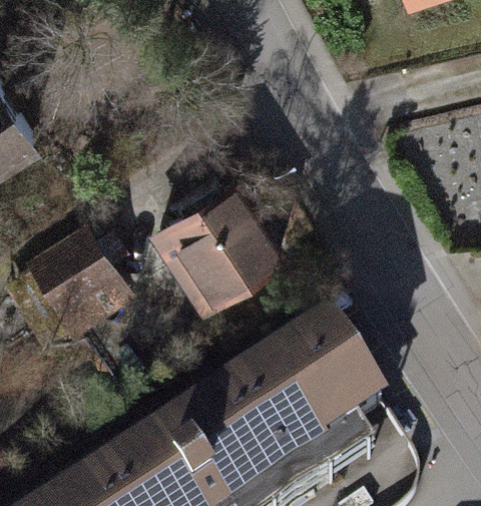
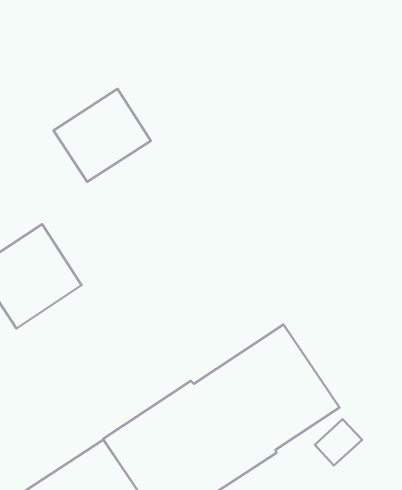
building: none -> [53,89,151,182]
building: [152,181,283,312] -> none

